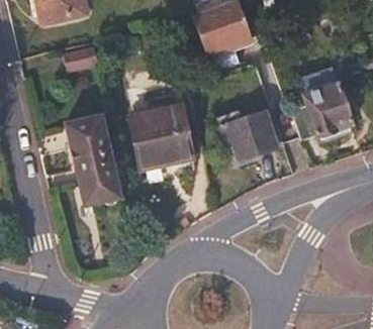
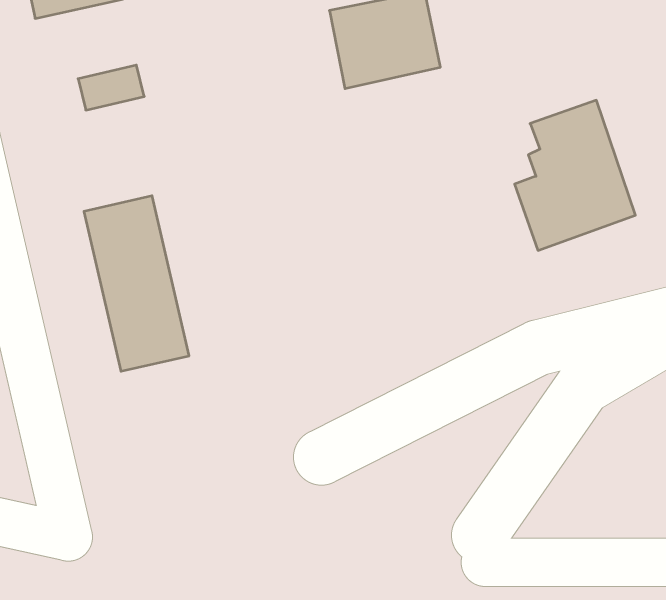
building: [130,103,193,170] -> none
building: [217,110,278,159] -> none

